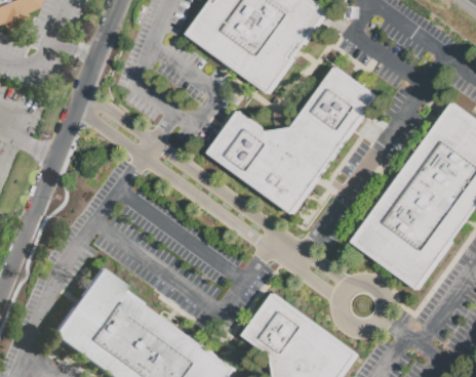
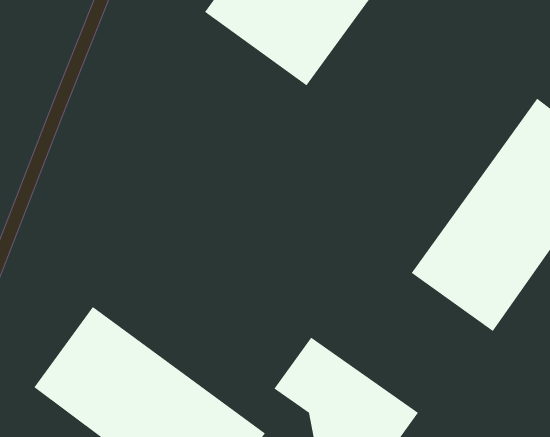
building: [206,66,376,212] -> none

